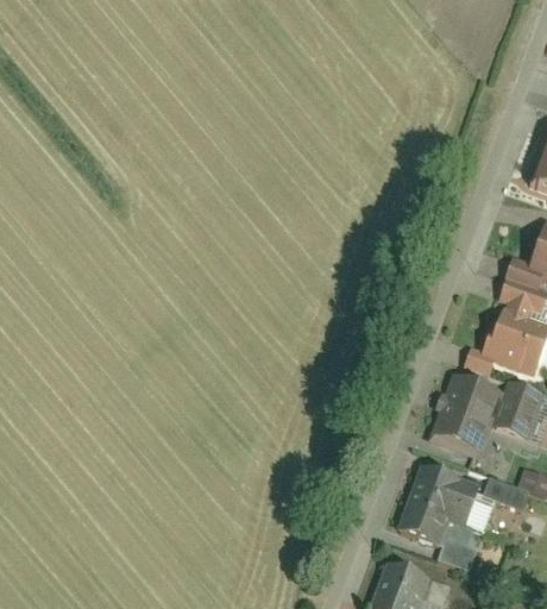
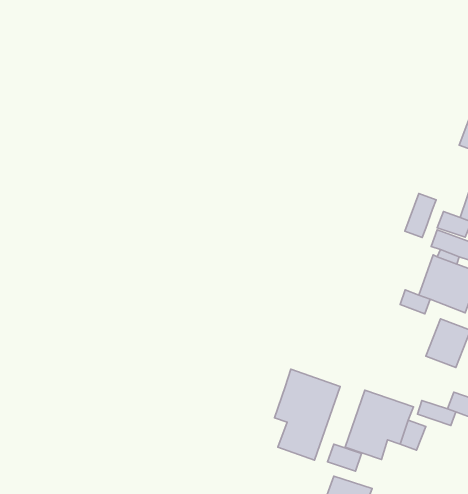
building: none -> [405,194,436,237]
building: [432,373,501,450] -> none
building: none -> [275,369,340,460]
building: [439,538,478,569] -> [328,444,362,471]

